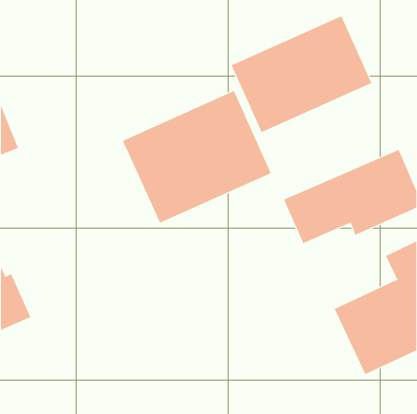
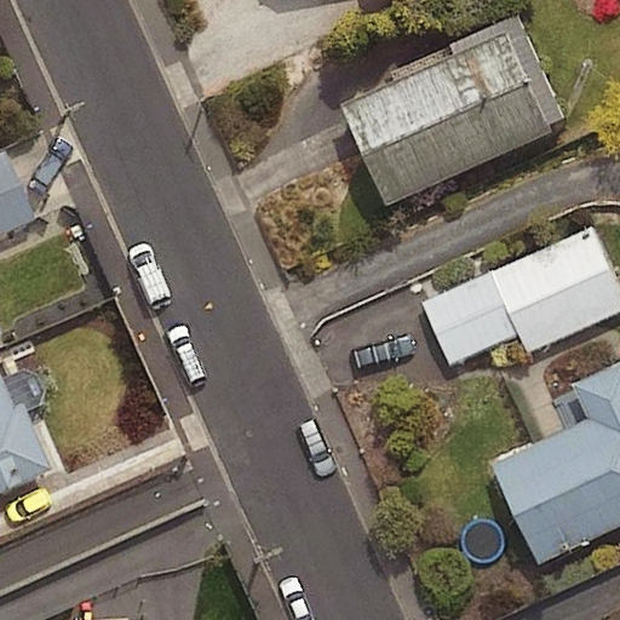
building: [122,90,272,224] -> none

